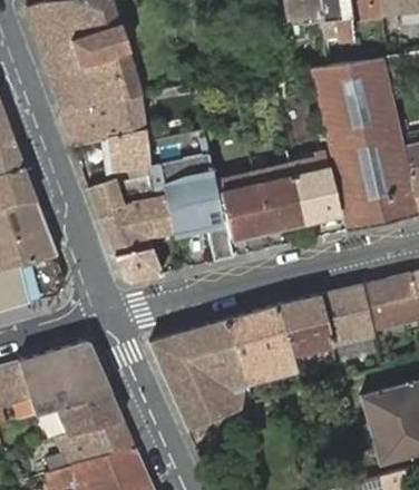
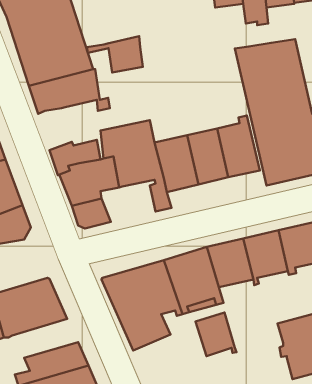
building: [82,129,149,173] -> [87,36,143,72]
building: none -> [195,312,237,356]
building: [43,391,123,439] -> none

